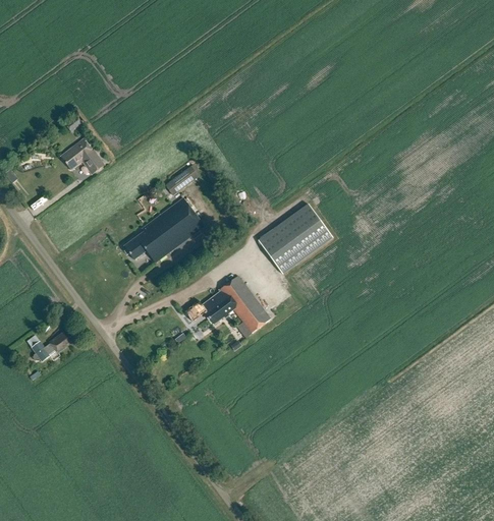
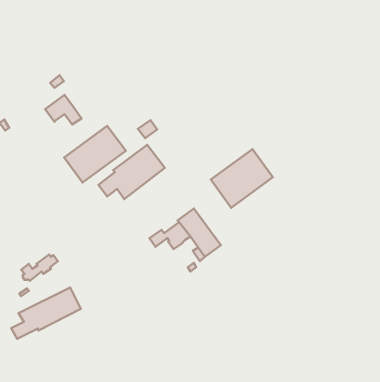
building: none -> [64,126,126,182]
building: none -> [11,287,81,339]

